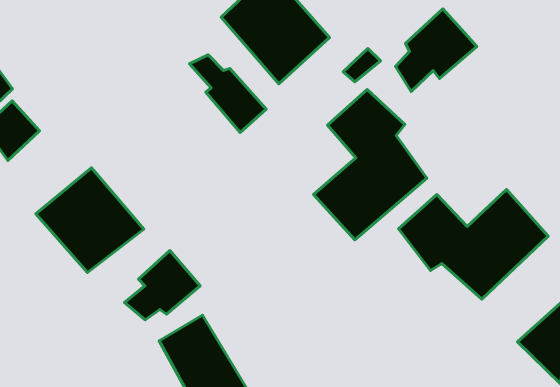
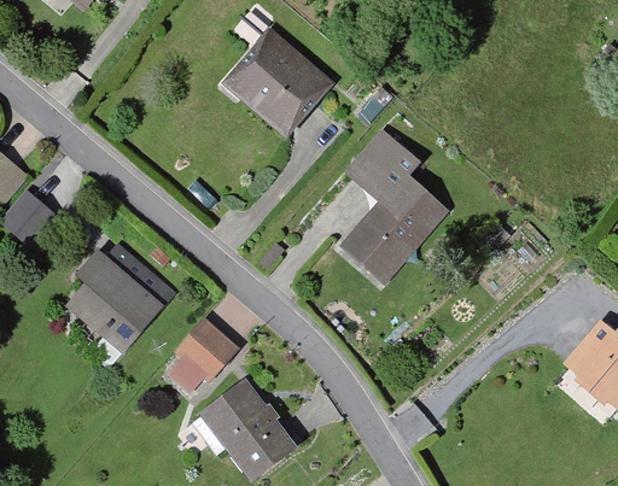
building: [396,9,477,91] -> none
building: [189,55,266,132] -> none
building: [399,190,548,299] -> none

